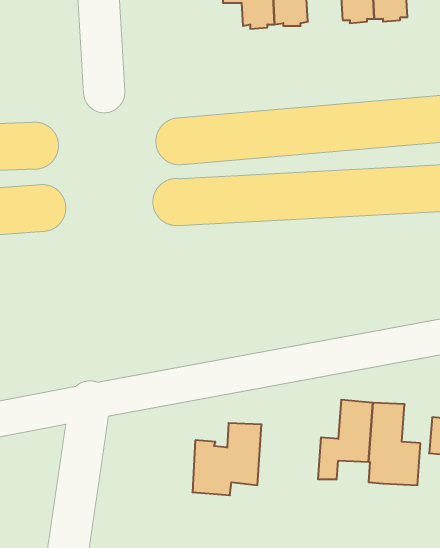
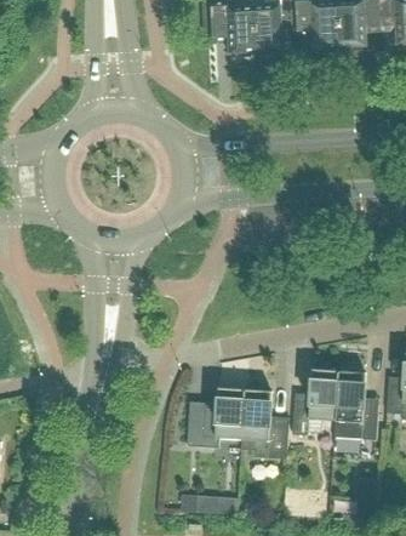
building: none -> [241,388,288,458]

